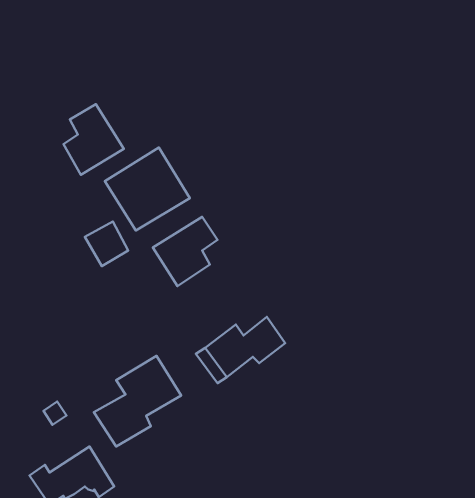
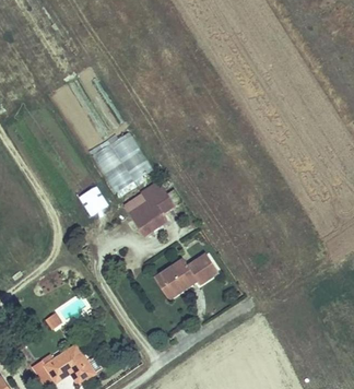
building: [63,104,124,175] -> none
building: [94,356,181,447] -> none

